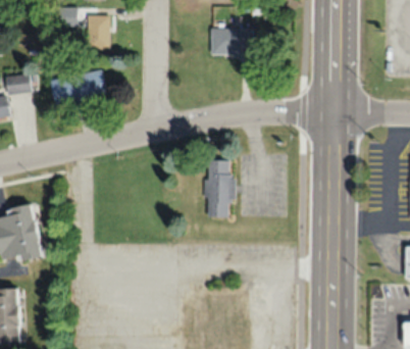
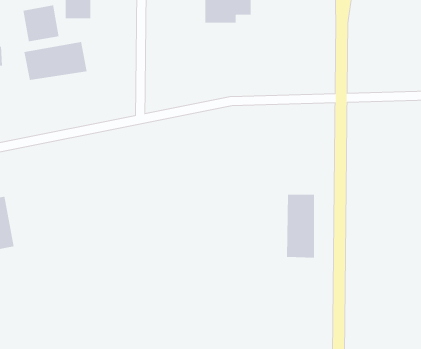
building: none -> [23,5,59,42]
building: [207,160,233,217] -> [286,194,315,258]

